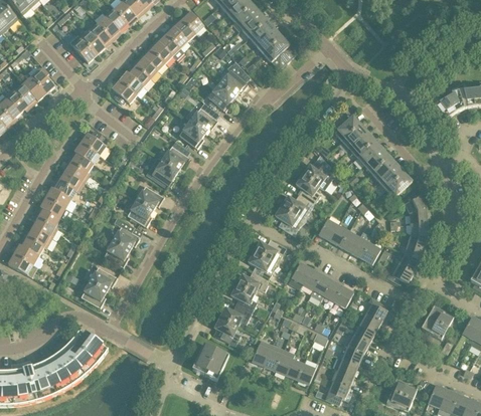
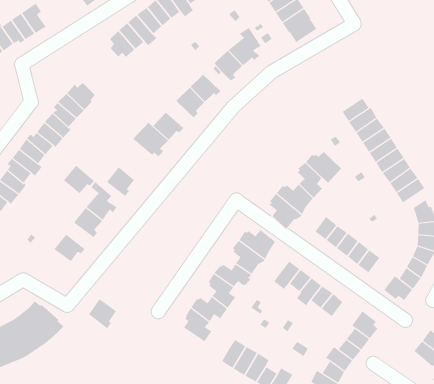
building: [136,185,164,210] -> [63,165,95,194]
building: [81,281,106,307] -> [88,299,117,329]
building: [191,343,228,380] -> none

